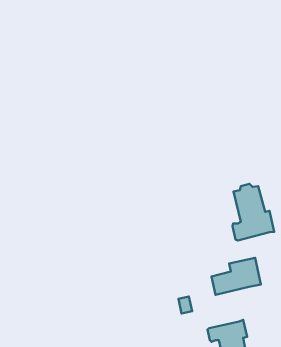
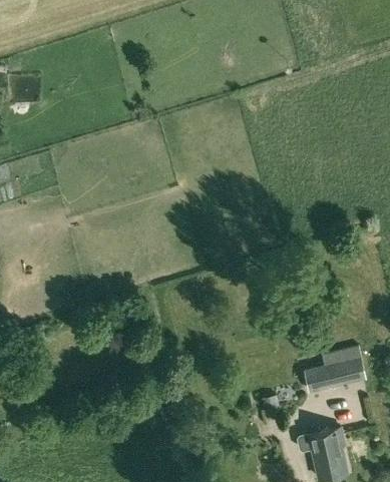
building: [232,184,274,240] -> none

